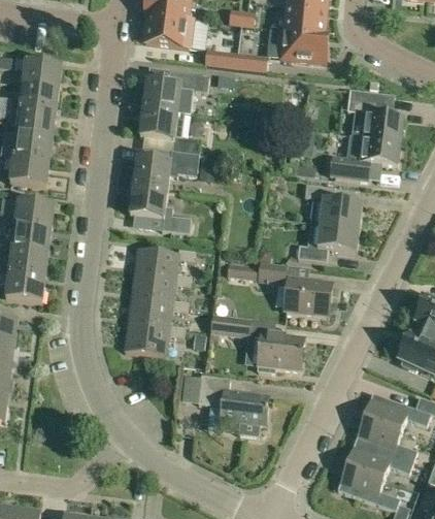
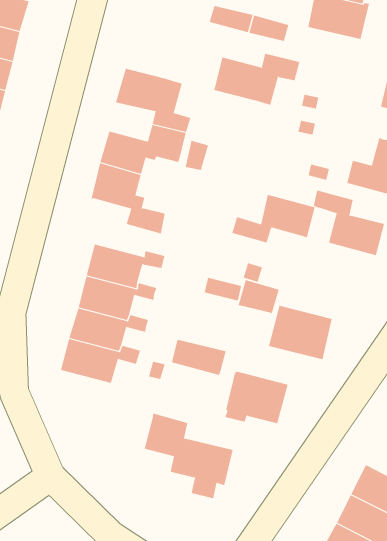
building: [143,74,208,115] -> [213,53,300,106]
building: [296,224,359,262] -> [232,194,316,243]

